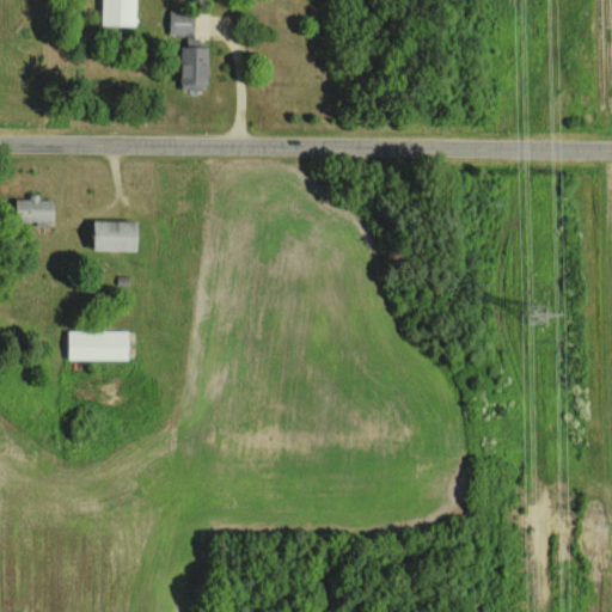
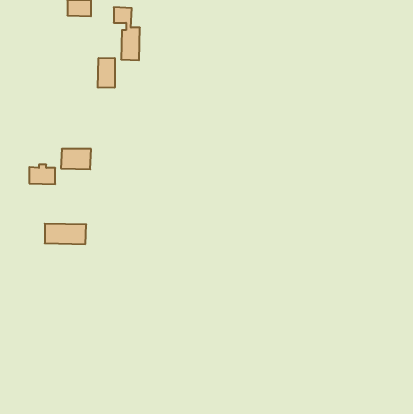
building: none -> [98,58,115,88]
building: [17,196,55,225] -> [29,165,55,184]

